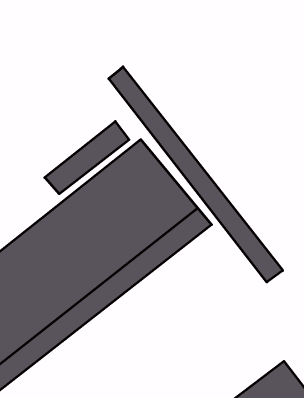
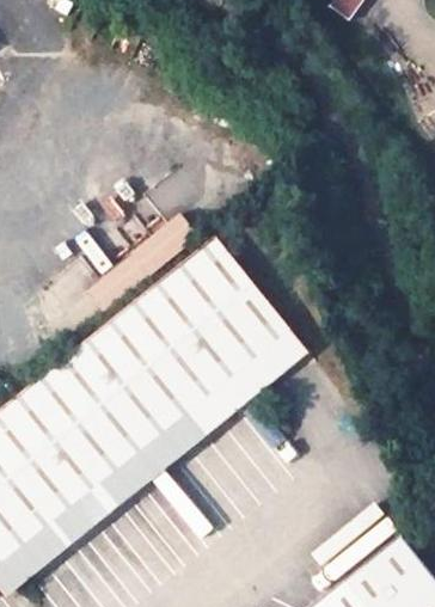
building: [109,67,283,282] -> none

